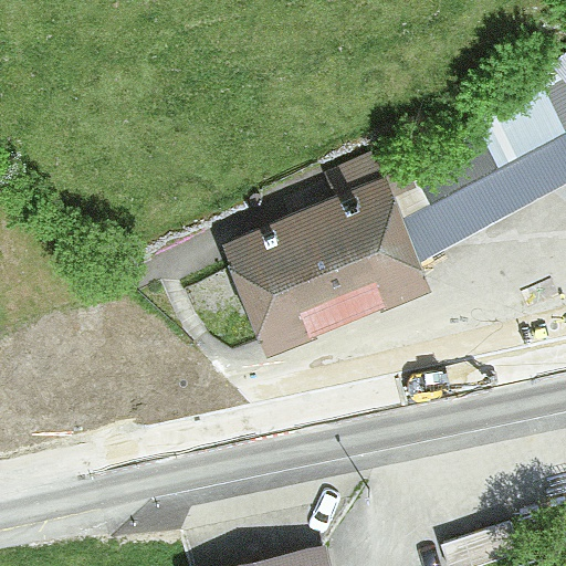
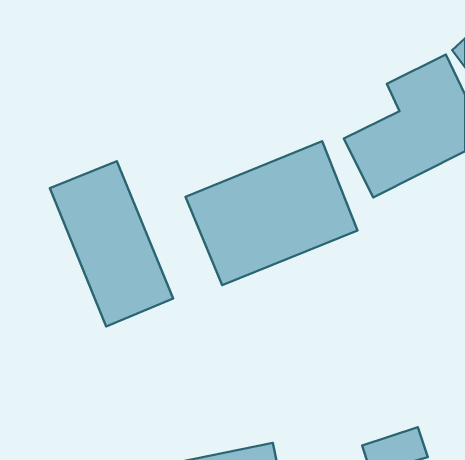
building: none -> [50,161,173,327]

